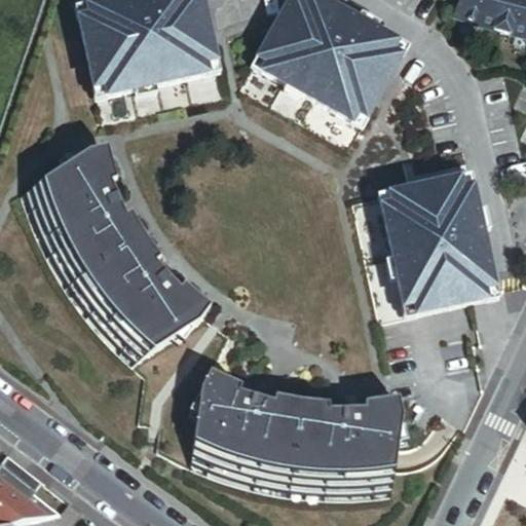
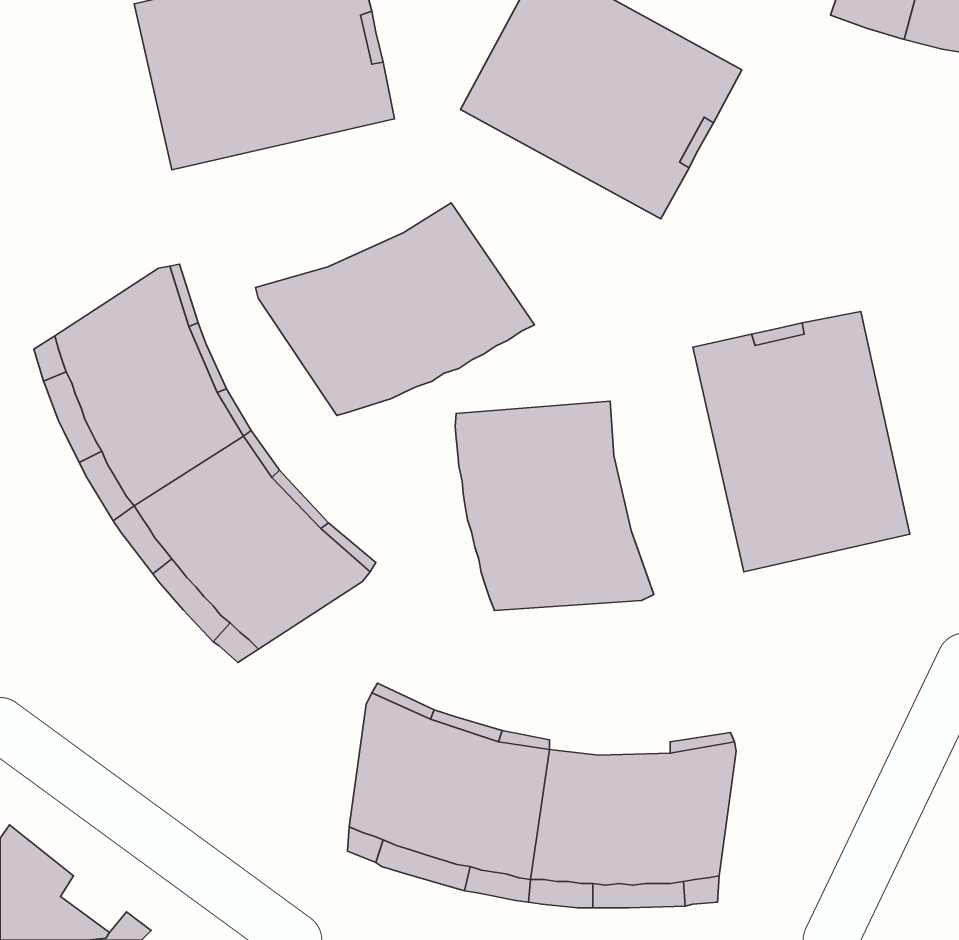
building: none -> [256,203,535,415]
building: none -> [455,401,654,611]

